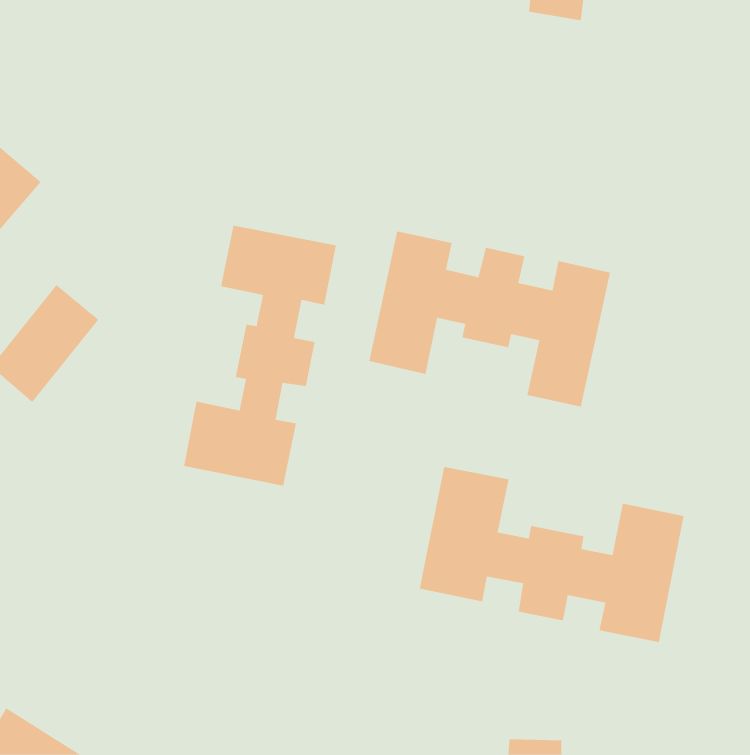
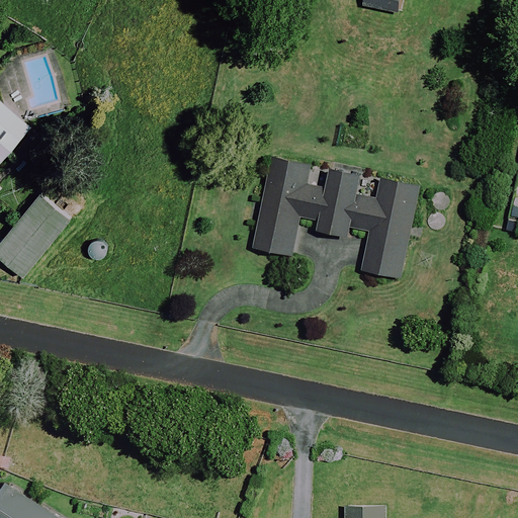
building: [183,225,337,487] -> none
building: [419,466,684,643] -> none

